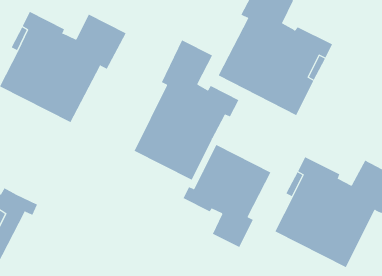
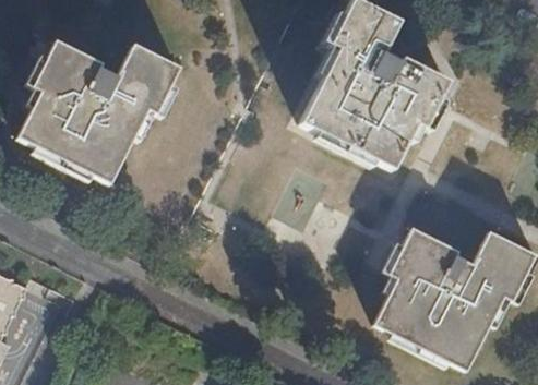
building: [134,40,239,181] -> none
building: [183,144,271,248] -> none

